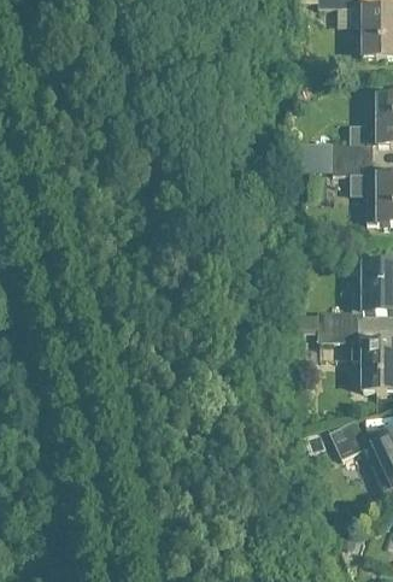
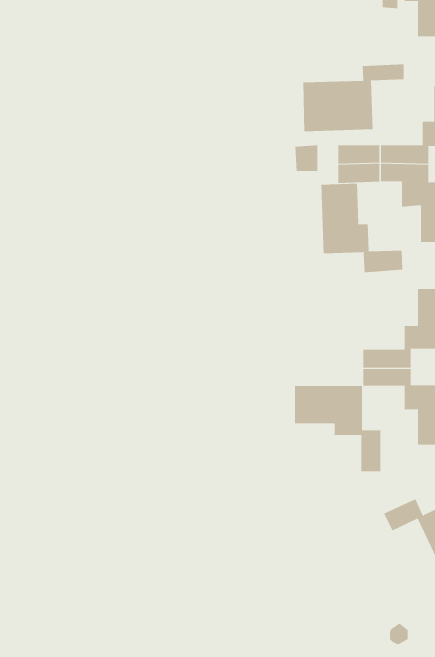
building: none -> [303,64,404,132]
building: none -> [321,183,403,273]
building: none -> [294,385,381,472]

